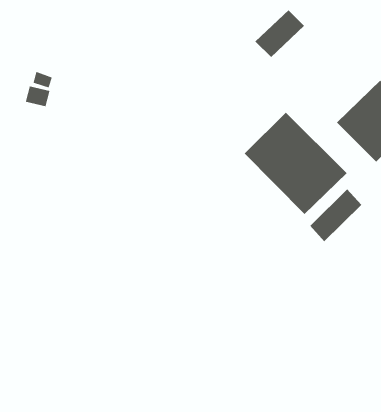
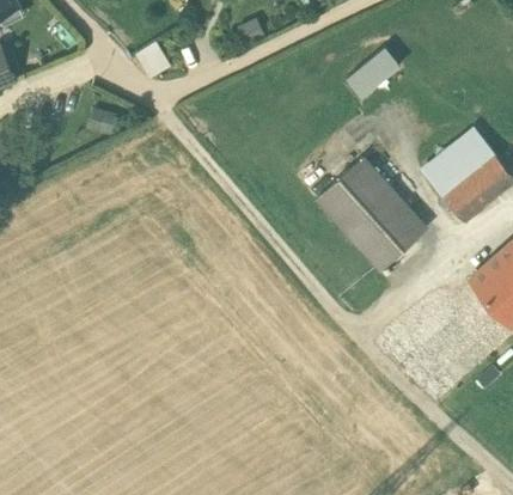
building: none -> [134,41,170,78]
building: [309,188,362,242] -> none

